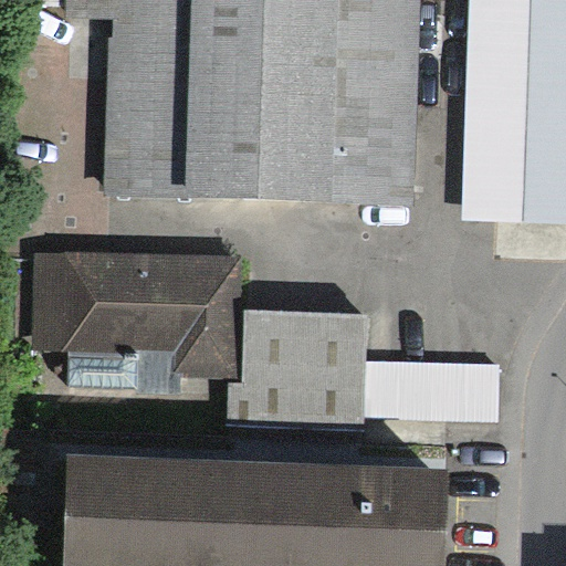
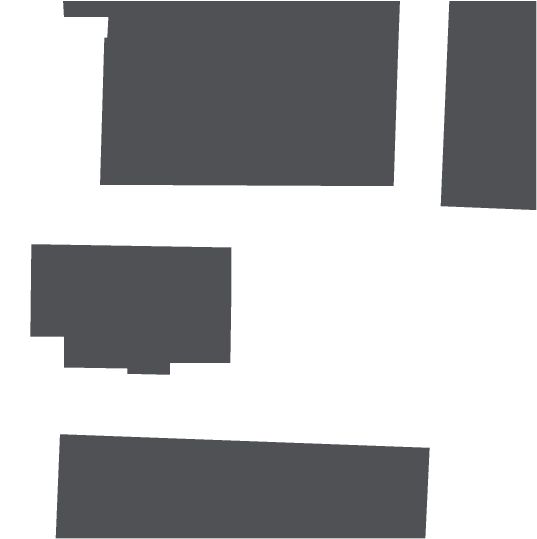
building: [226,310,501,432] -> none

